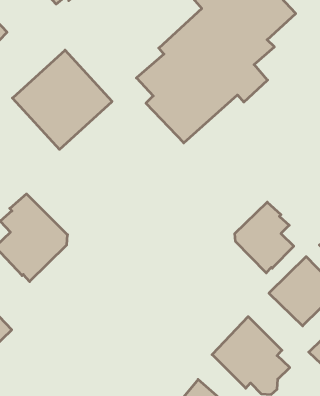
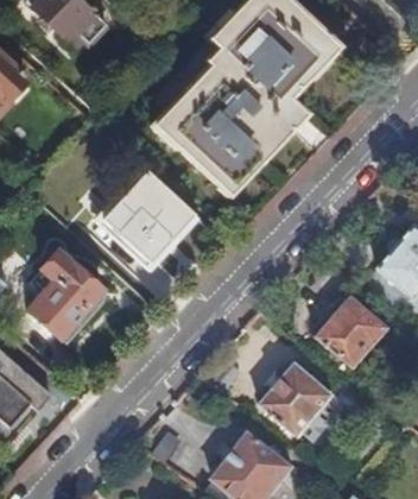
building: [12,50,112,149] -> [101,164,207,270]
building: [235,202,294,273] -> none

